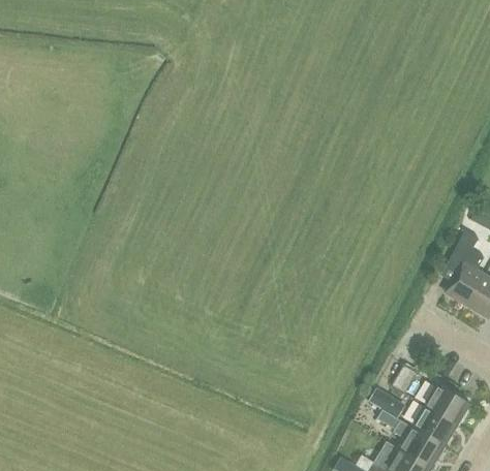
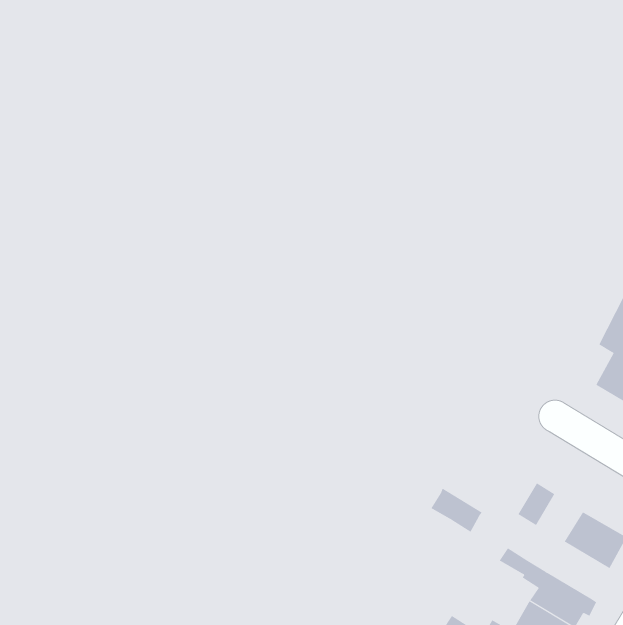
building: [368,387,405,419] -> [431,488,482,533]
building: [410,406,456,447] -> none

